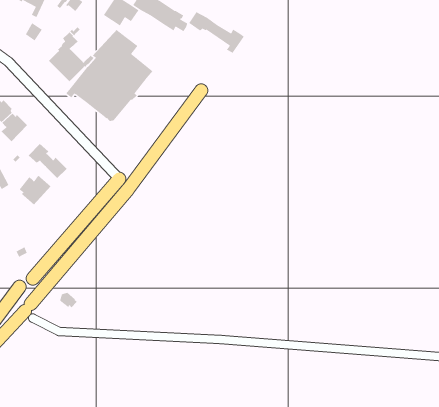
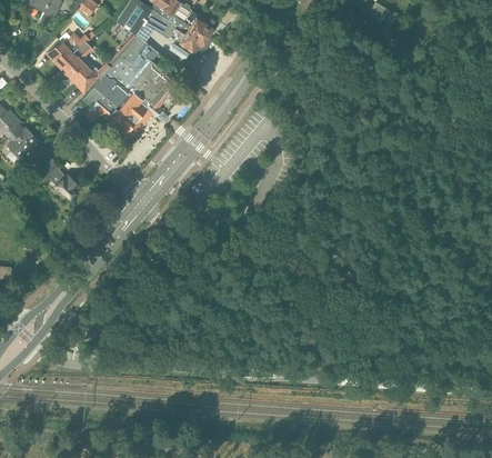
building: [188,11,245,54] -> [150,13,212,60]
building: none -> [46,32,80,69]
building: [19,175,52,205] -> none

